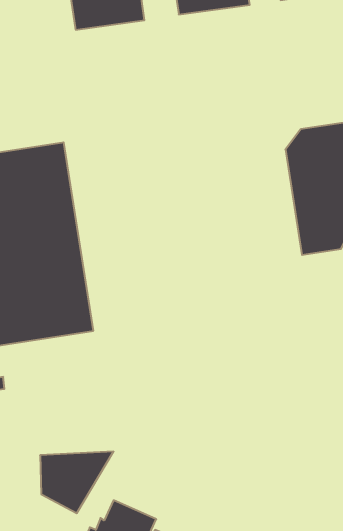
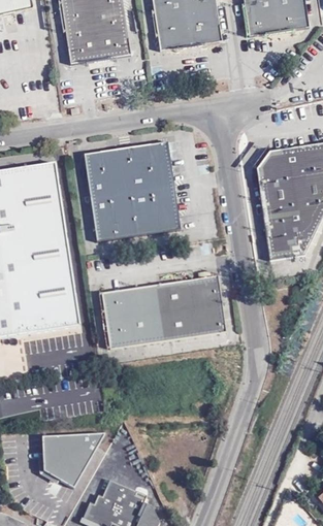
building: none -> [80,138,179,240]
building: none -> [100,278,222,348]

